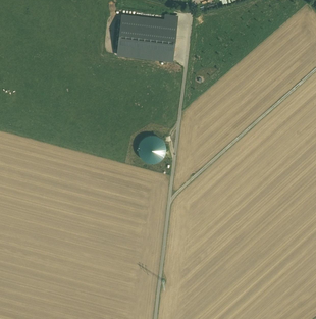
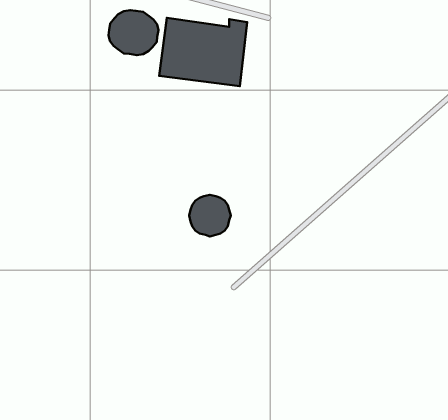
building: none -> [109,10,158,55]

